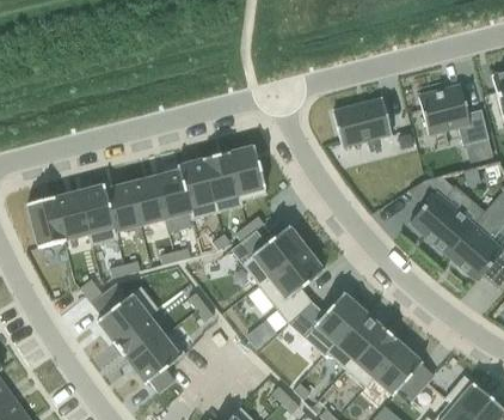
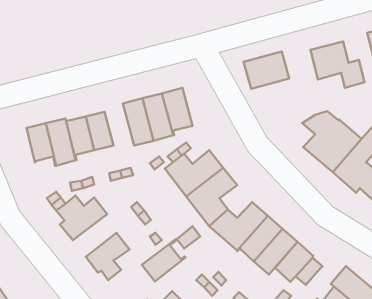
building: [154,165,192,219] -> none
building: [27,196,64,248] -> none
building: [113,308,170,363] -> [142,239,186,281]

